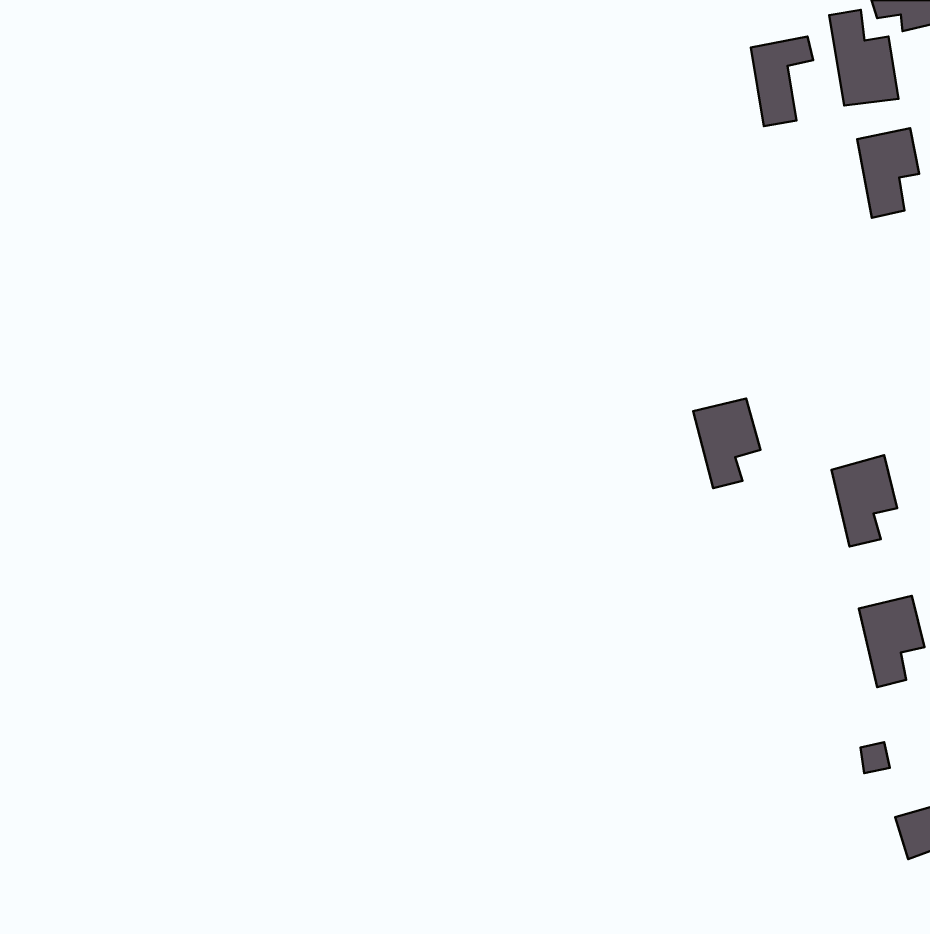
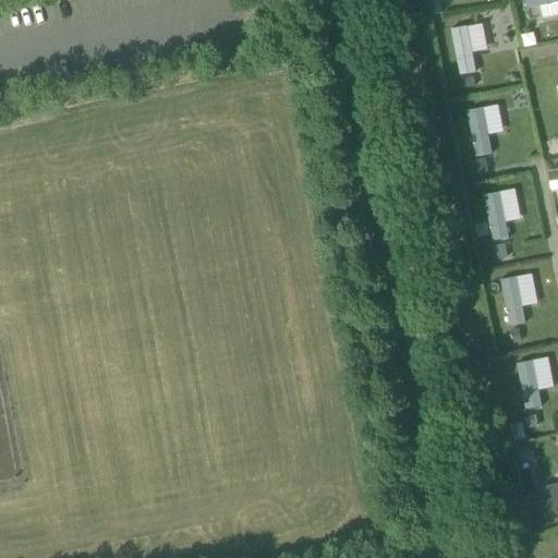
building: [829,10,899,105] -> none
building: [857,128,919,218] -> [466,104,504,157]
building: [693,399,761,488] -> [482,187,522,241]

